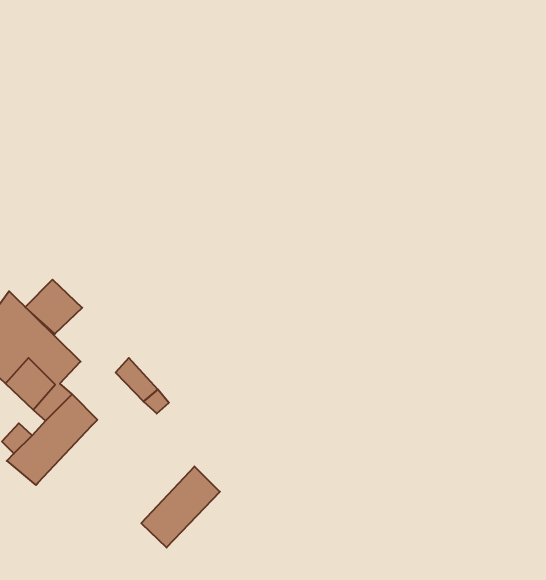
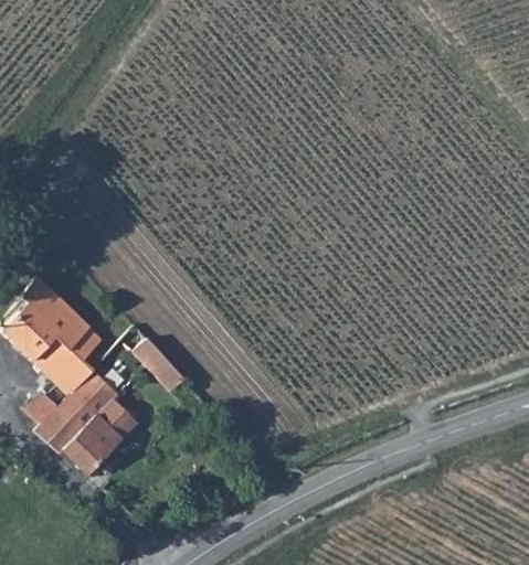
building: [25,280,82,334] -> none
building: [141,466,220,548] -> [62,398,134,472]

